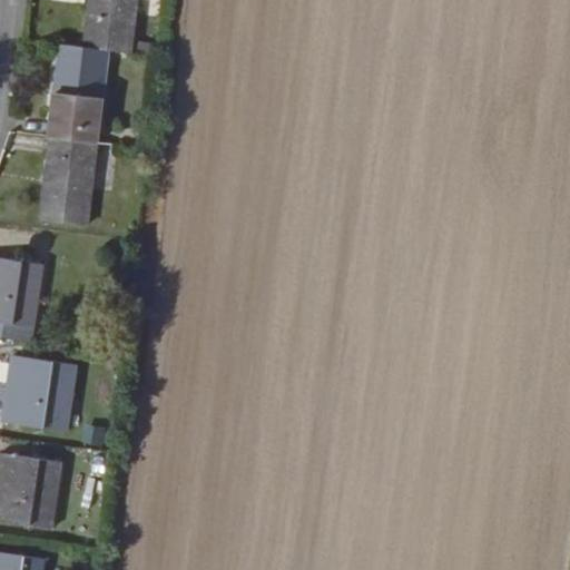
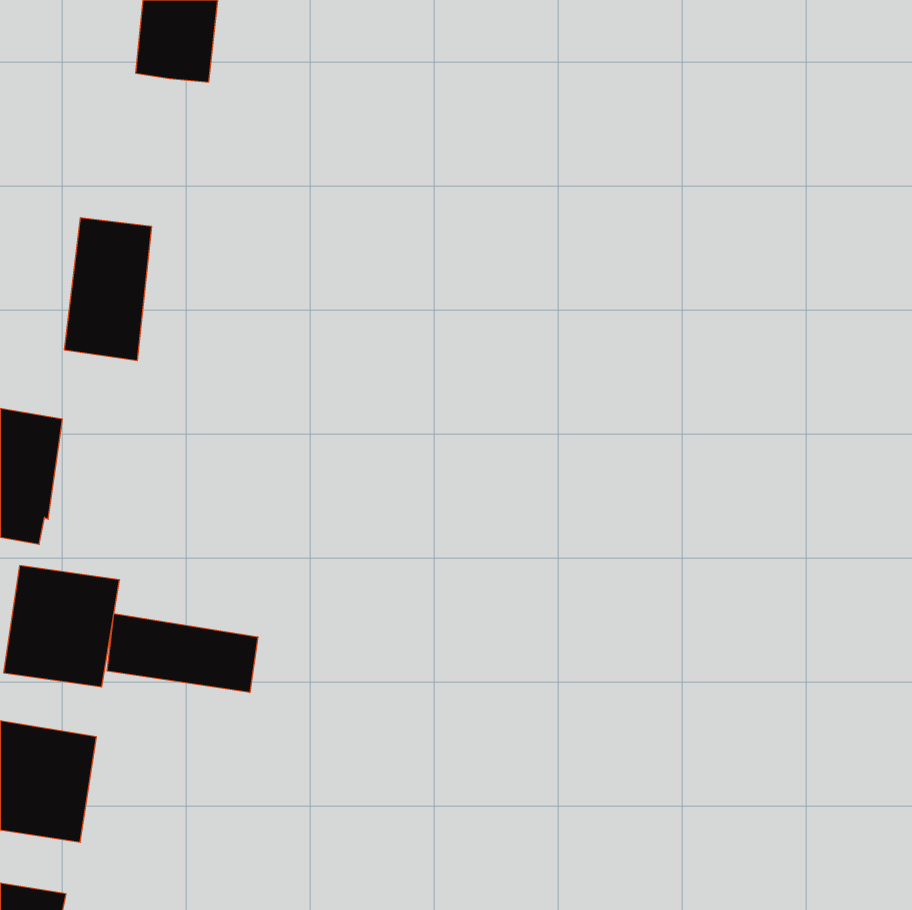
building: [50,45,106,142] -> none
building: none -> [107,614,258,693]

